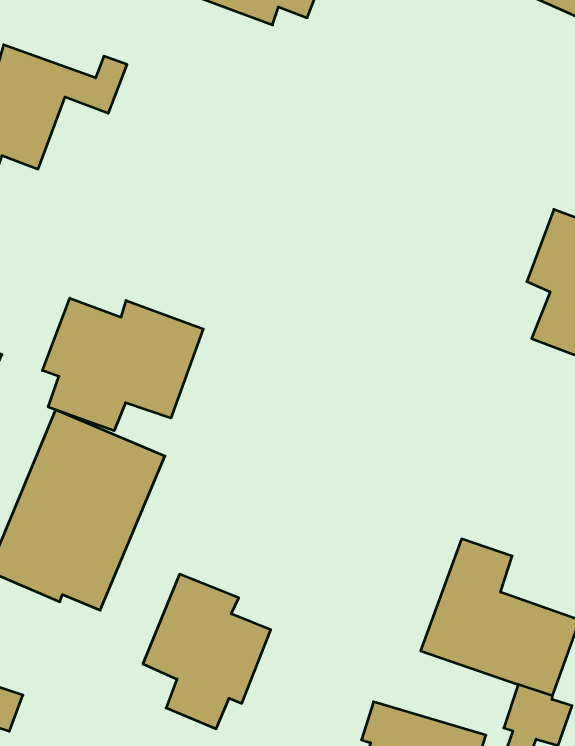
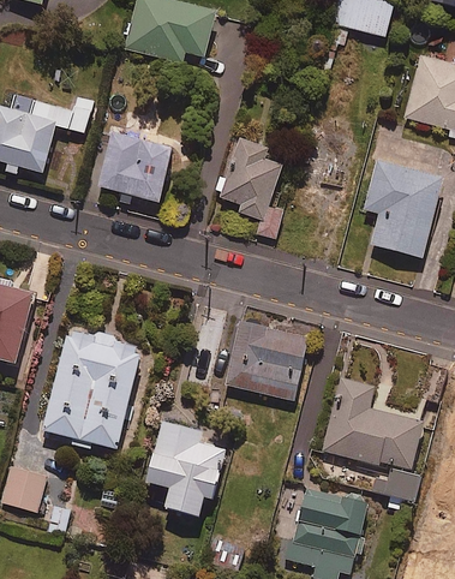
building: none -> [97,131,172,201]
building: none -> [217,138,285,238]
building: [42,298,203,431] -> none
building: none -> [214,321,310,401]

